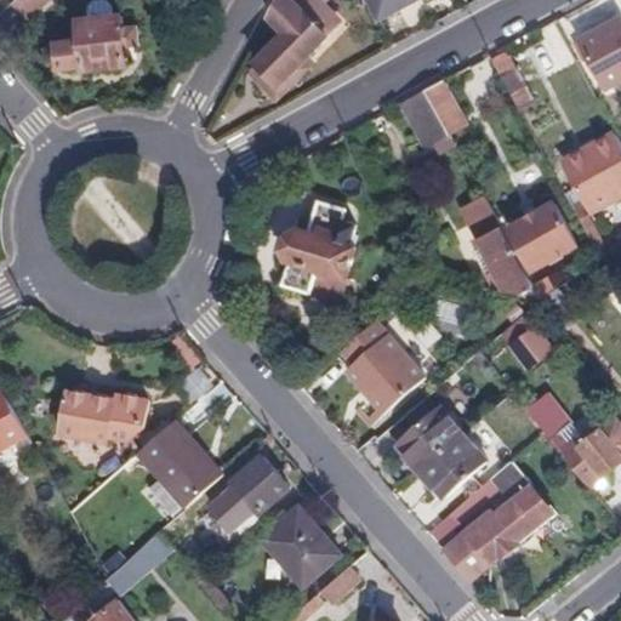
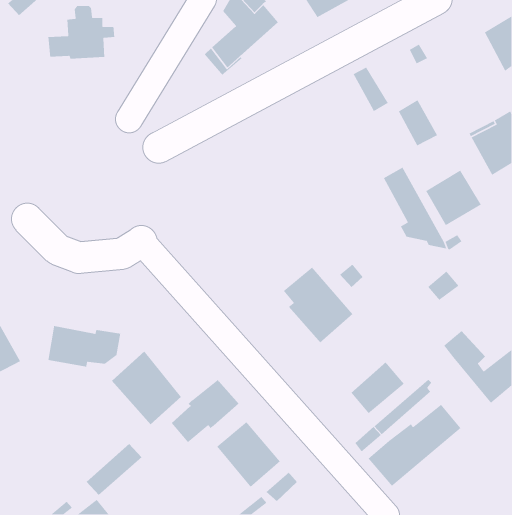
building: [399,89,448,146] -> [398,99,438,147]
building: [277,198,358,292] -> none
building: [395,406,463,472] -> none

